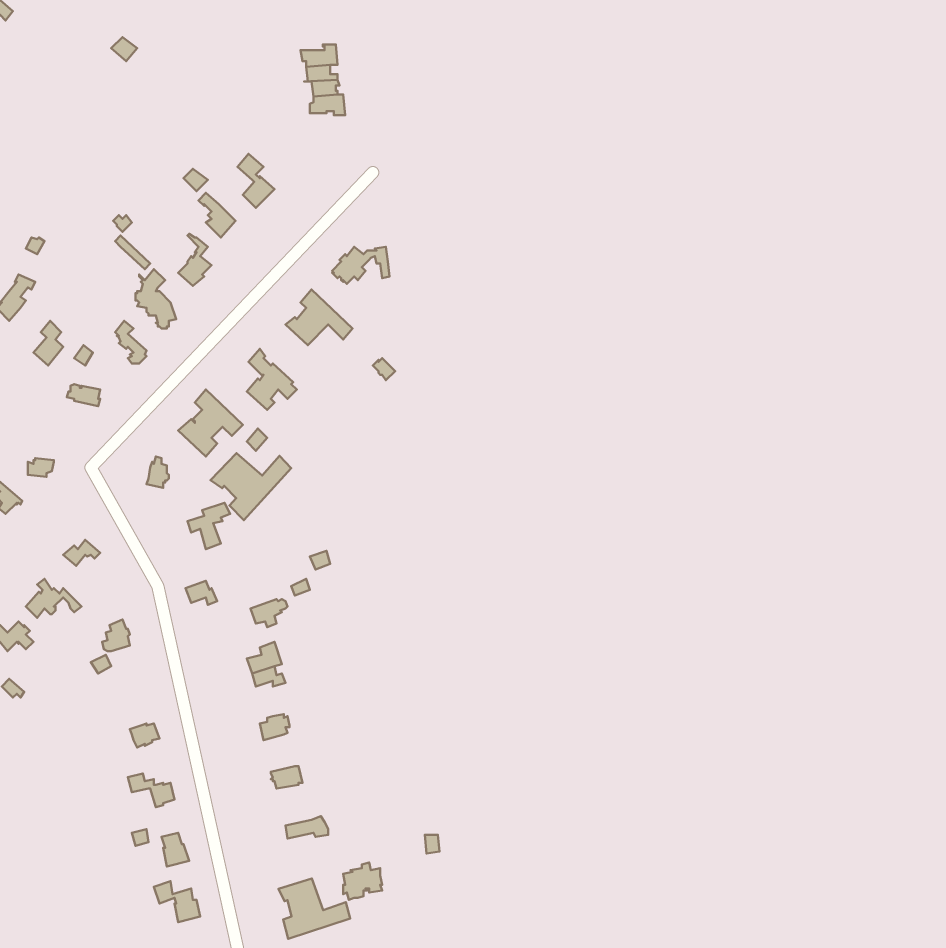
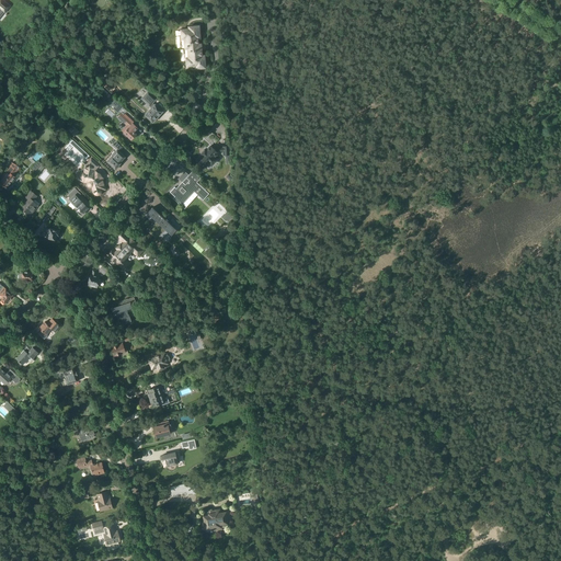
building: [210,453,291,520] -> none
building: [278,878,350,939] -> none

